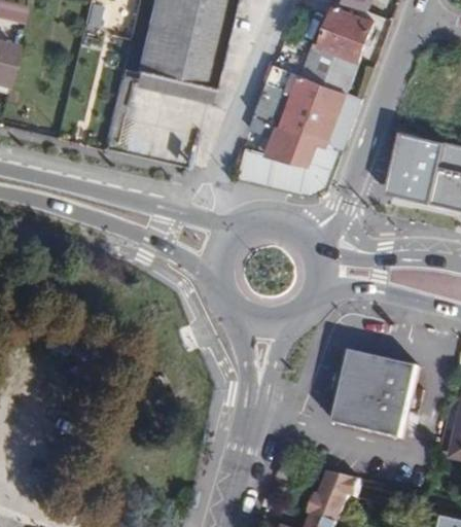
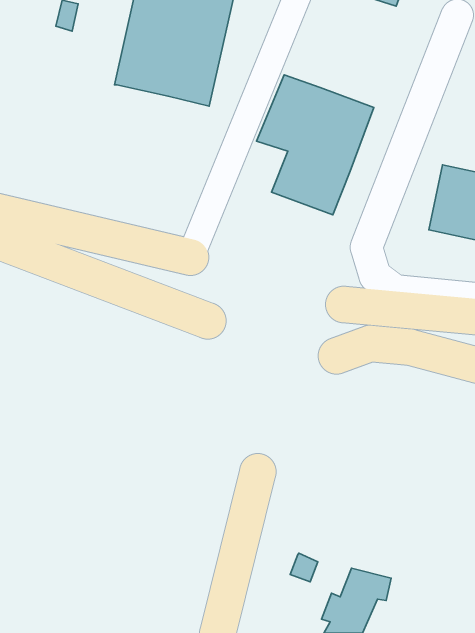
building: [302,5,371,89] -> none
building: [333,351,419,436] -> none

